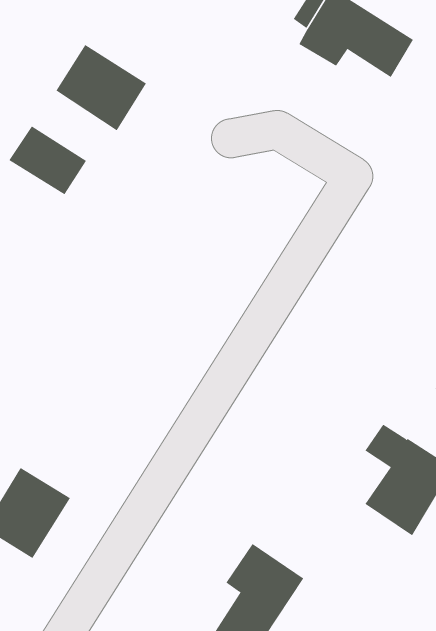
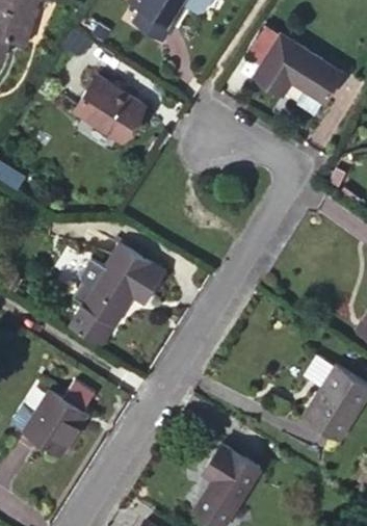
building: [9,125,87,195] -> none
building: none -> [64,244,165,345]

